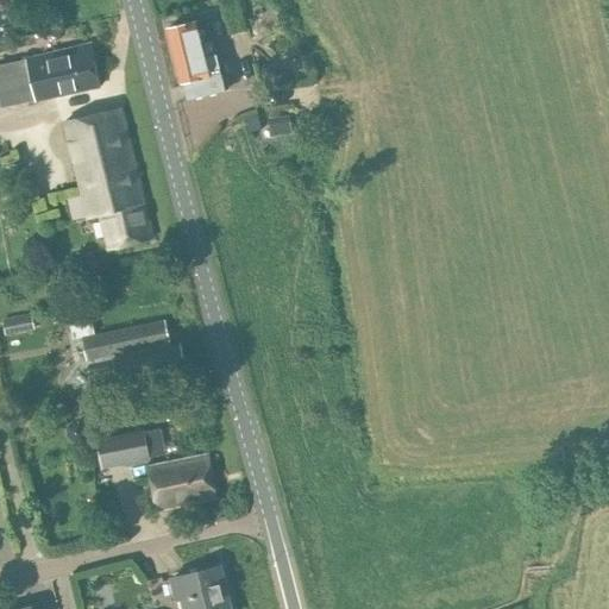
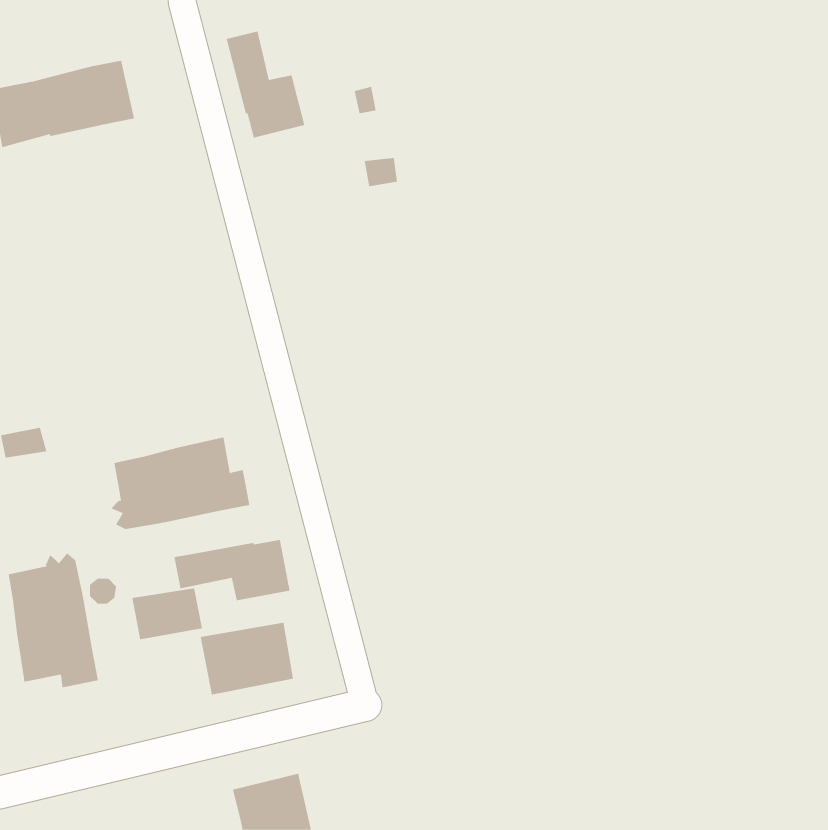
building: [64,108,151,249] -> none
building: none -> [174,539,290,601]
building: none -> [8,553,98,688]

